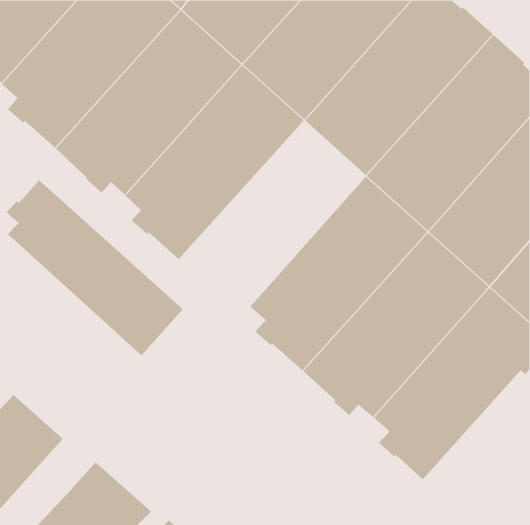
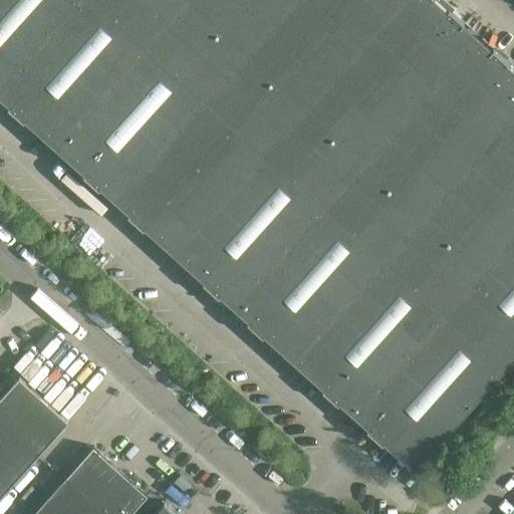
building: none -> [173,122,353,302]
building: [6,179,184,356] -> none

